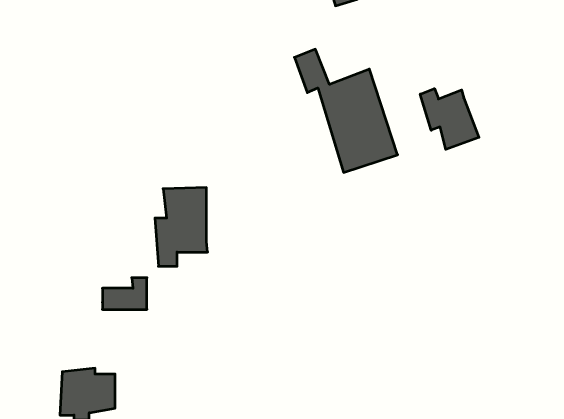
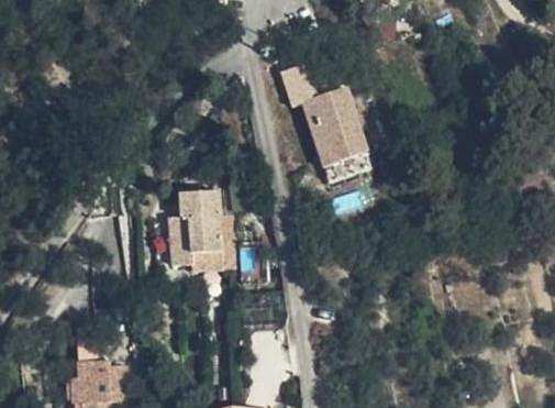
building: [420,89,479,149] -> none
building: [102,278,147,309] -> [184,239,225,268]

